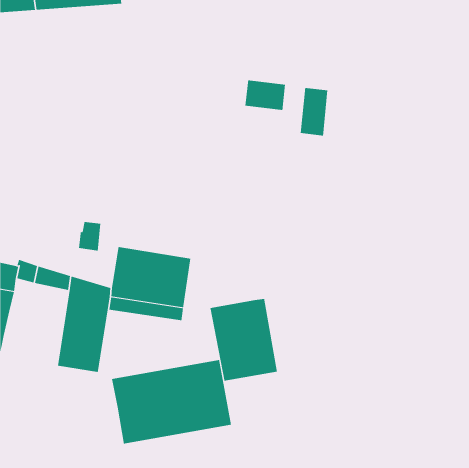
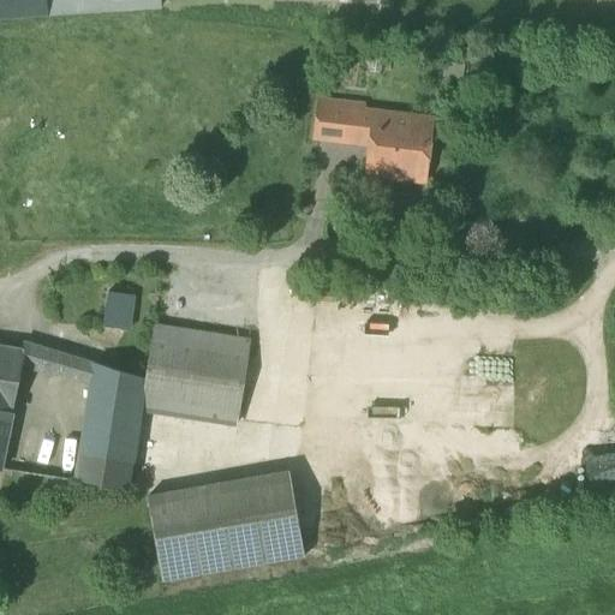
building: none -> [366,111,398,174]
building: [210,298,278,382] -> none

